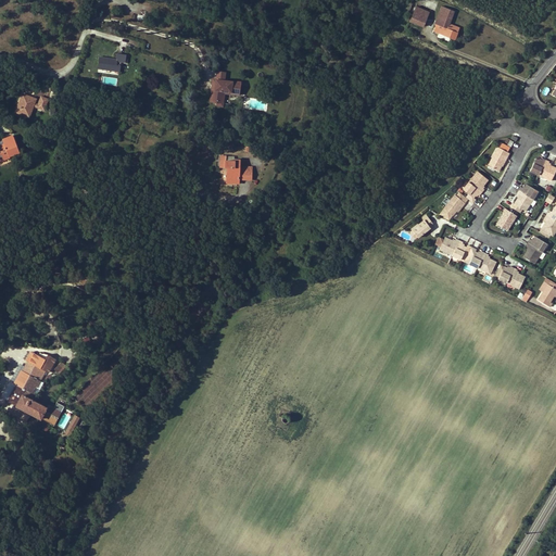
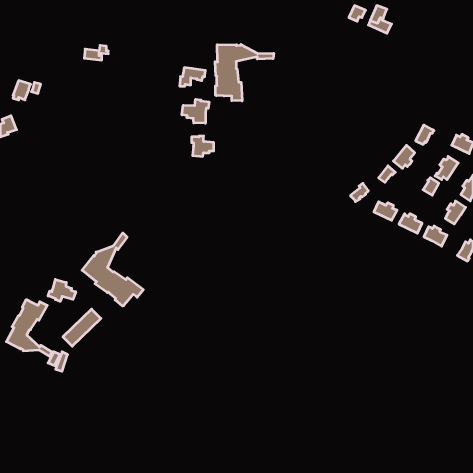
building: none -> [215,44,274,101]
building: none -> [182,99,209,123]
building: none -> [82,233,143,306]
building: none -> [48,279,76,301]

